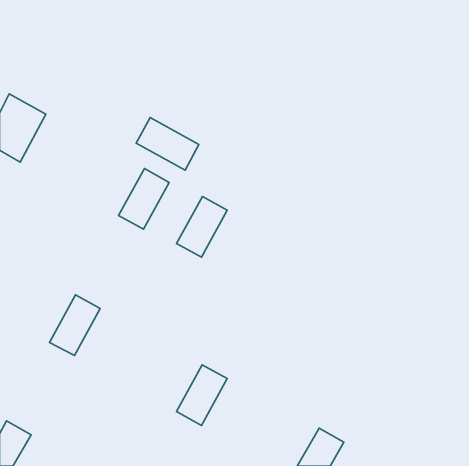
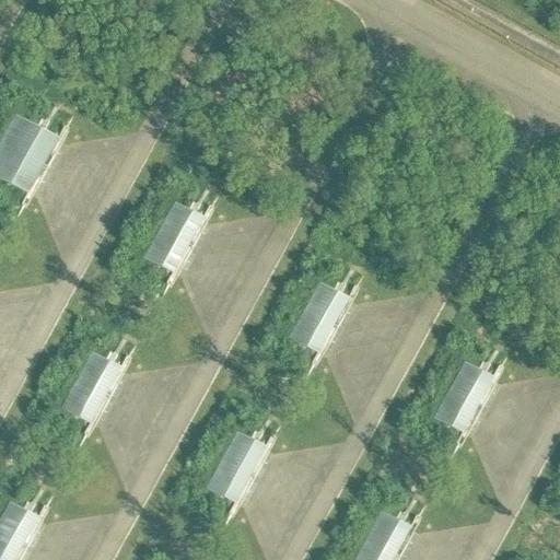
building: [136,118,199,170] -> none
building: [177,196,227,257] -> [292,283,352,355]
building: none -> [431,359,491,432]

